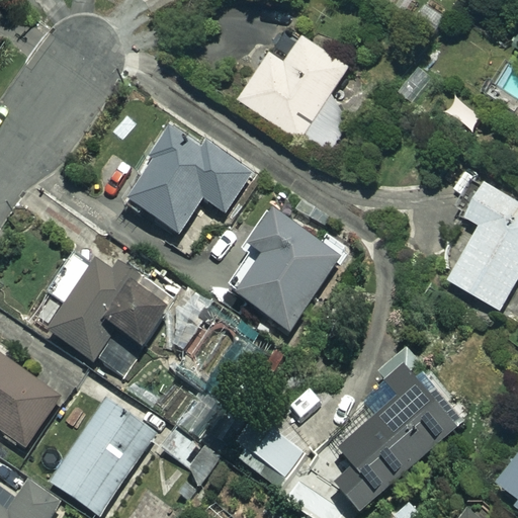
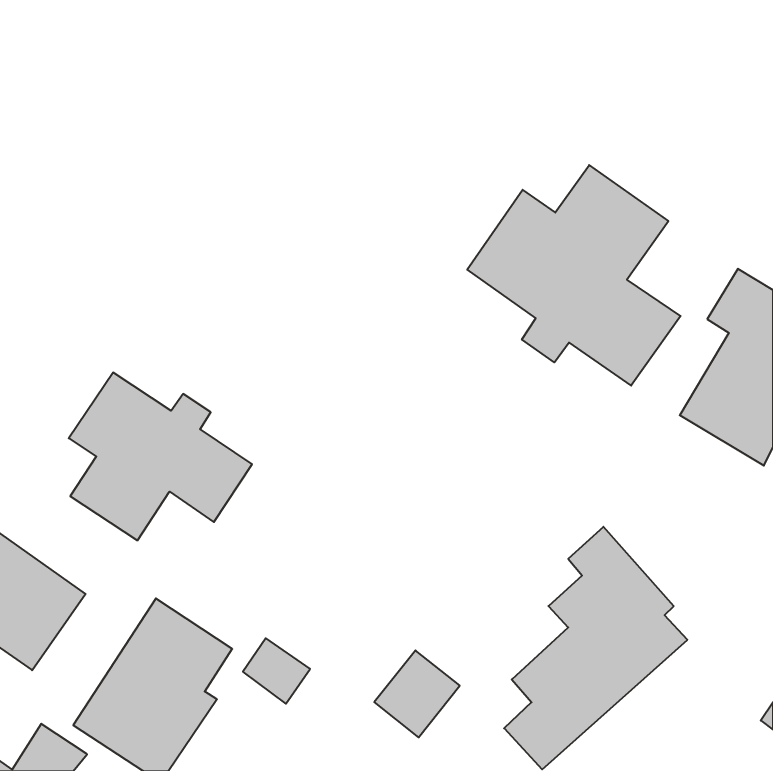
building: [243,31,356,152] -> none
building: none -> [467,165,681,386]
building: [126,126,250,232] -> none
building: [225,209,348,331] -> none

